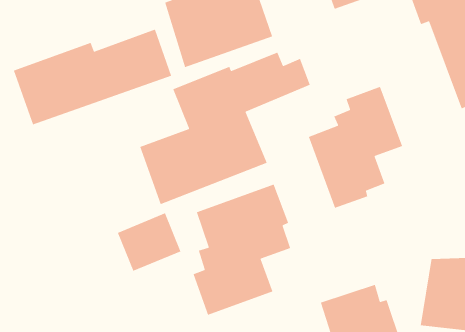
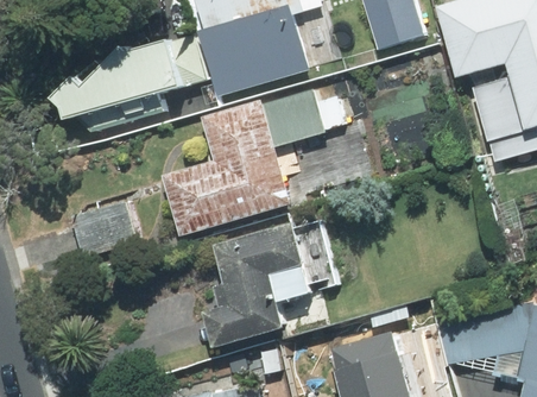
building: [308,86,403,209] -> none
building: [117,212,182,272] -> [67,200,131,258]

